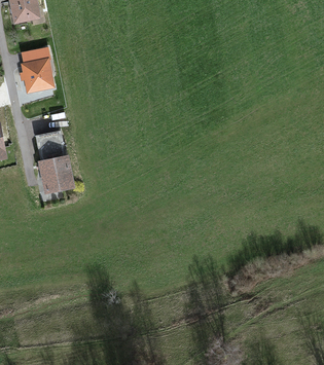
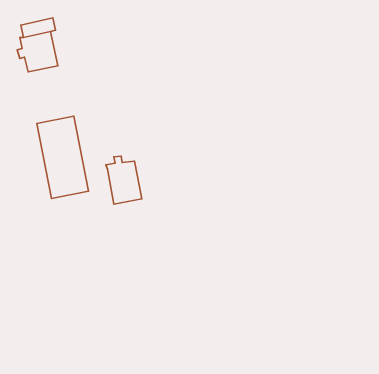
building: none -> [106,156,142,204]

